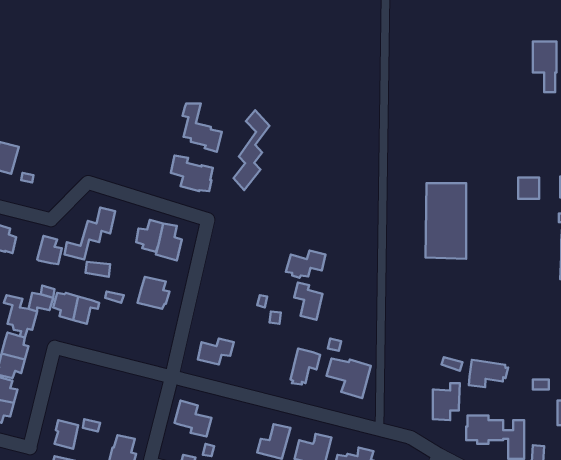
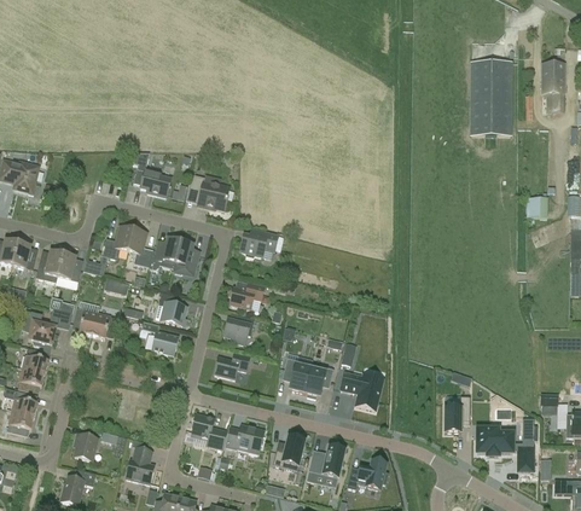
building: [182,103,222,152] -> [132,150,170,197]
building: [233,110,269,190] -> none
building: [425,183,466,259] -> [470,62,510,135]
building: none -> [128,228,152,267]
building: none -> [35,250,63,281]
building: [286,251,325,278] -> [239,231,278,257]
building: none -> [228,283,263,308]
building: [294,283,323,320] -> [283,356,310,393]
building: none -> [223,313,254,344]
building: none -> [141,320,179,355]
building: [469,360,508,387] -> none
building: none -> [226,426,263,449]

